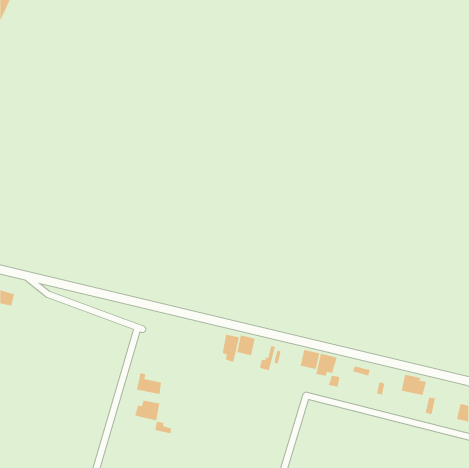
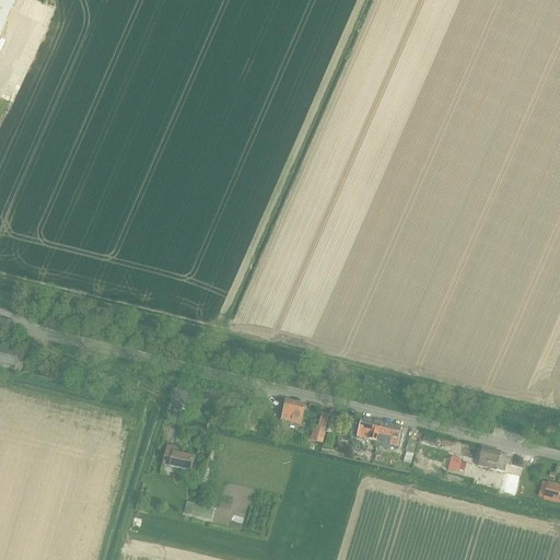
building: [222,334,240,363] -> none
building: [135,400,160,421] -> none

